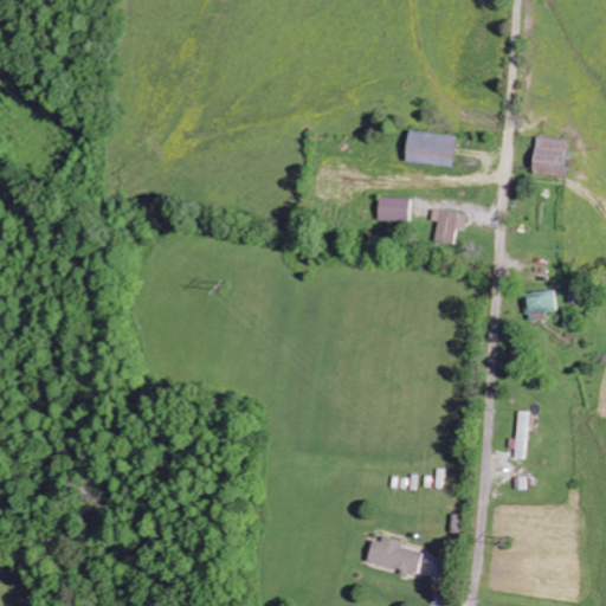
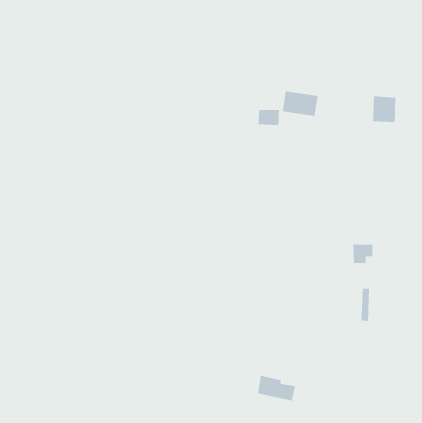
building: [376,196,408,220] -> [258,109,280,126]
building: [430,208,466,244] -> none
building: [524,291,554,320] -> [352,244,373,264]

